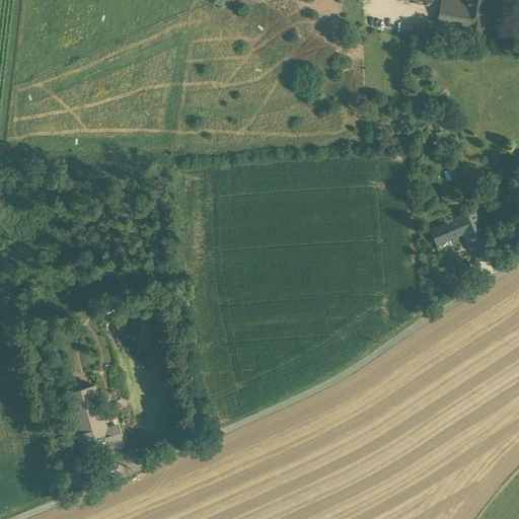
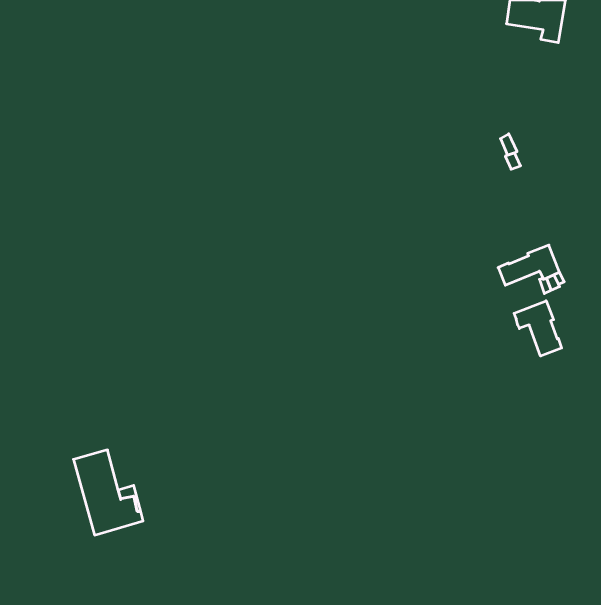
building: none -> [514,301,562,356]

